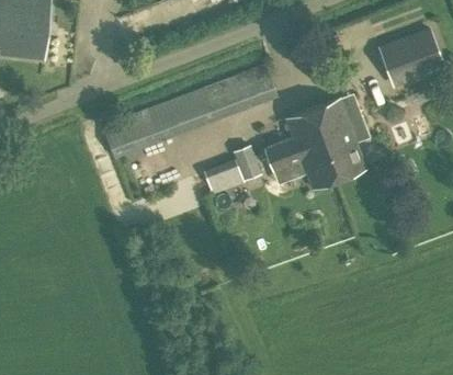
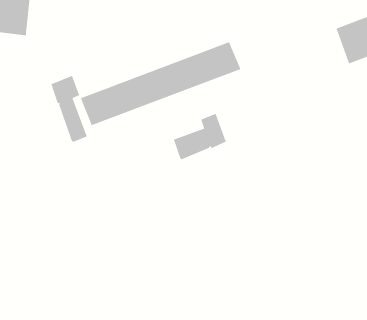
building: [264,92,371,188] -> none
building: none -> [51,75,88,143]

